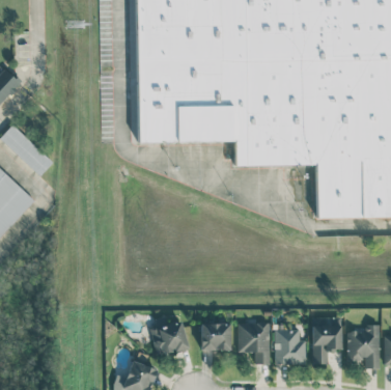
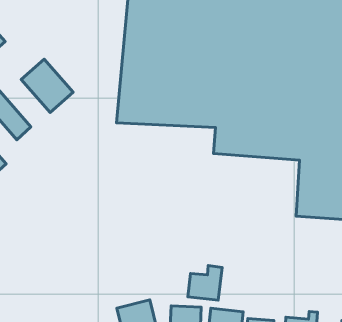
building: none -> [21,59,73,112]
building: none -> [188,266,222,300]

